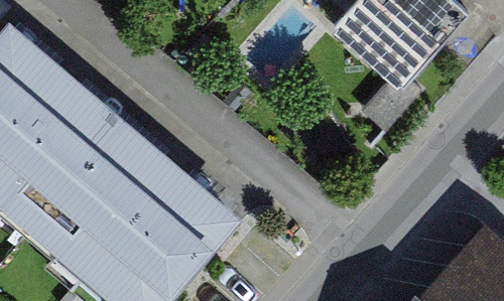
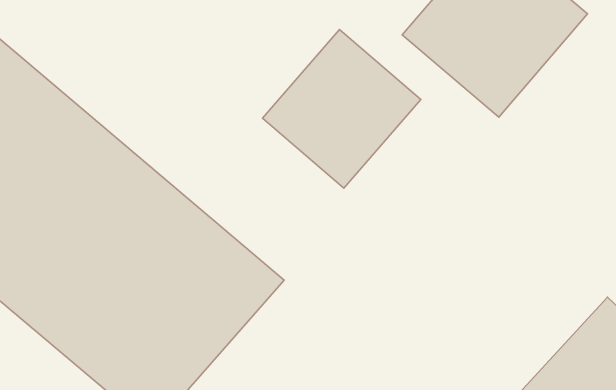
building: none -> [262,29,421,188]

